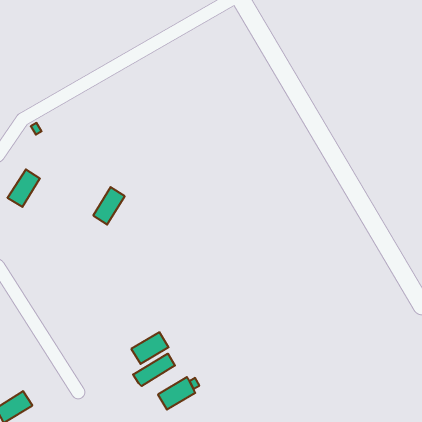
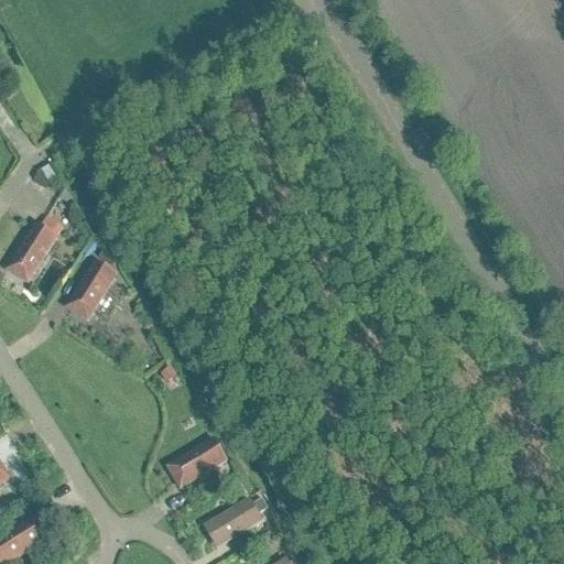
building: [93,187,125,225] -> [70,262,112,312]
building: [133,354,175,386] -> none

